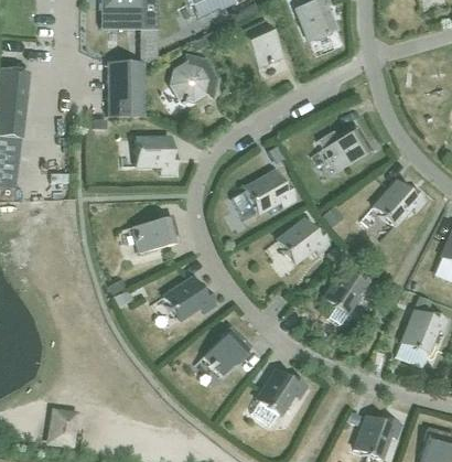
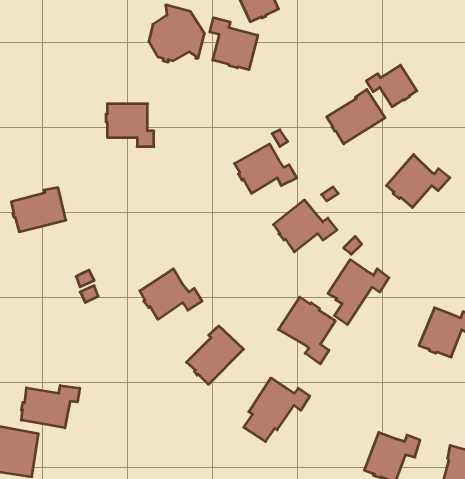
building: [107,62,143,116] -> none
building: none -> [210,18,258,70]
building: none -> [366,65,417,107]
building: [132,214,179,251] -> [11,188,66,232]
building: none -> [278,297,335,364]
building: none -> [21,385,80,428]

